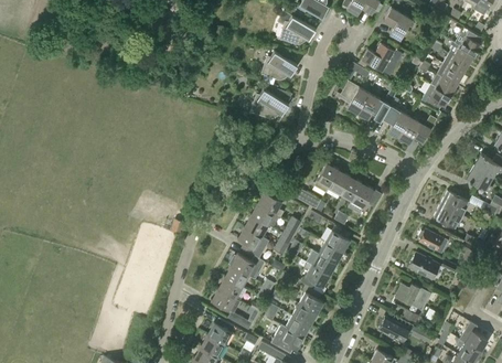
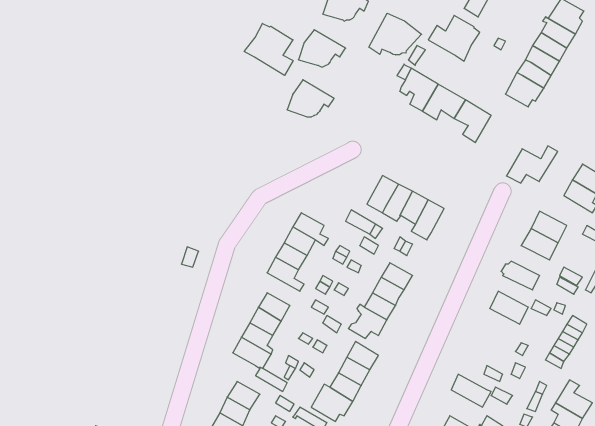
building: none -> [369,13,422,55]
building: none -> [244,23,293,75]
building: [398,116,438,145] -> [506,146,558,183]
building: [395,285,430,309] -> none

